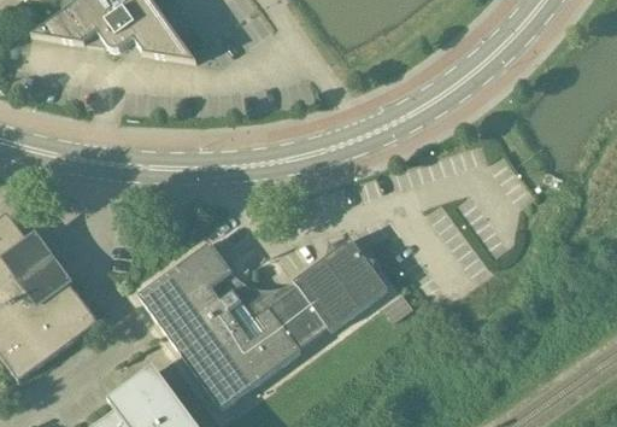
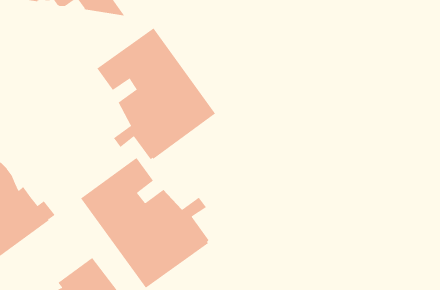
building: none -> [96,27,216,160]
building: [282,239,389,347] -> none

